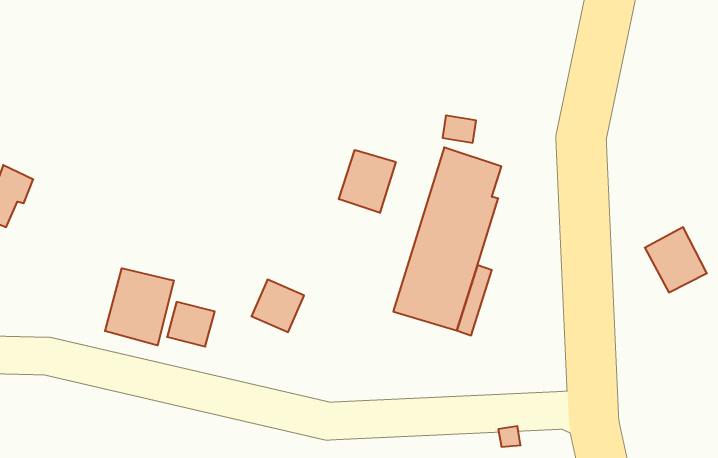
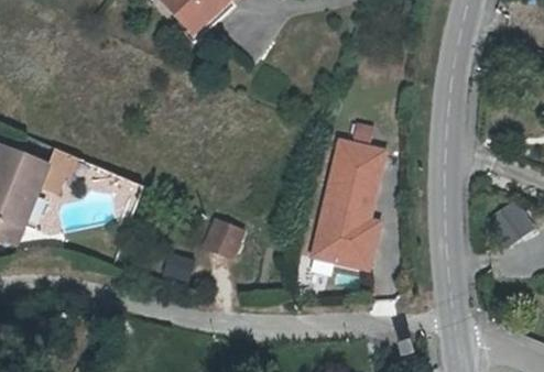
building: [339,150,396,213] -> none
building: [105,268,174,345] -> none

